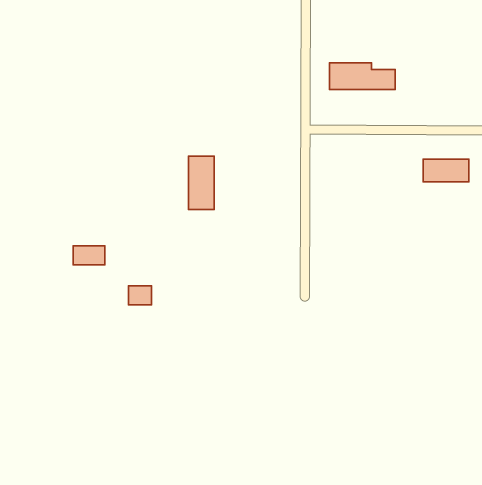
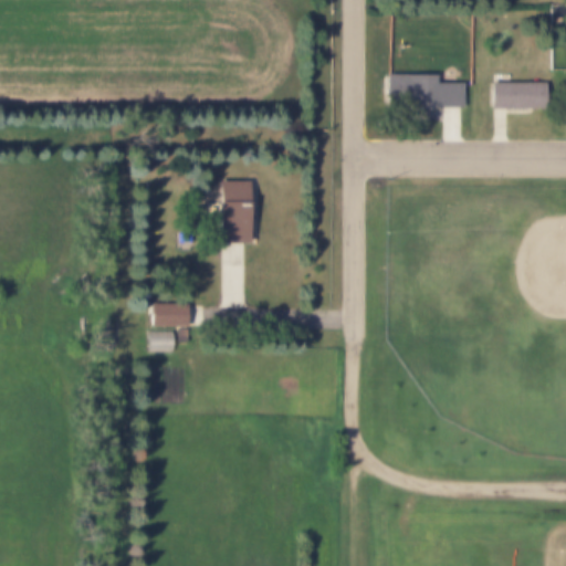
building: [423,159,469,182] -> [493,81,546,107]
building: [73,246,105,265] -> [157,305,193,327]

